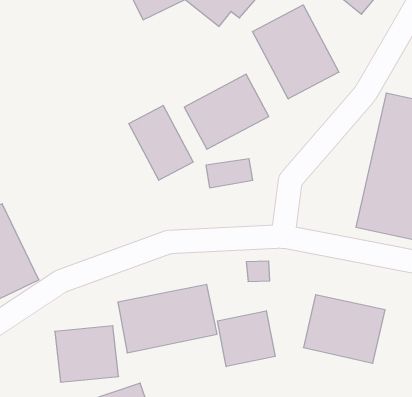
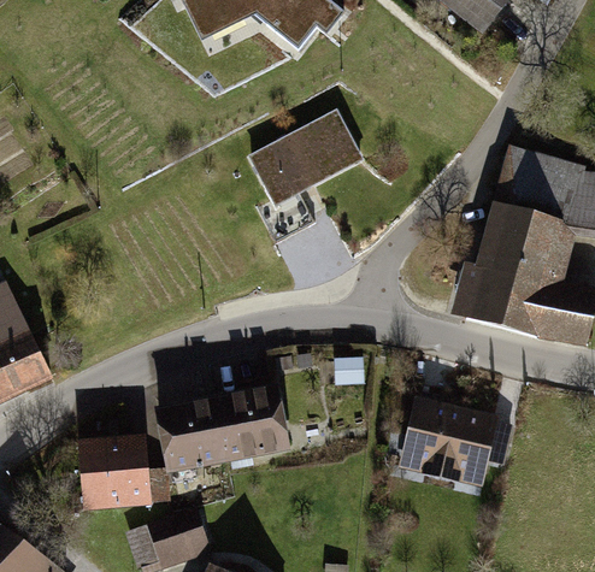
building: [252,5,339,99] -> none
building: [129,105,193,180] -> none
building: [217,311,275,367] -> none

